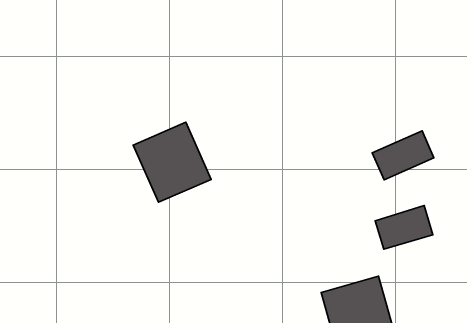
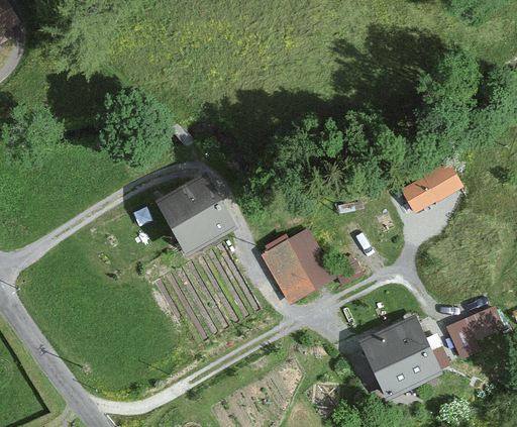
building: none -> [261,226,335,303]
building: [375,205,433,249] -> [444,302,505,351]

